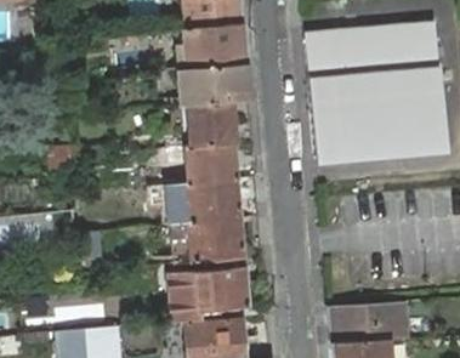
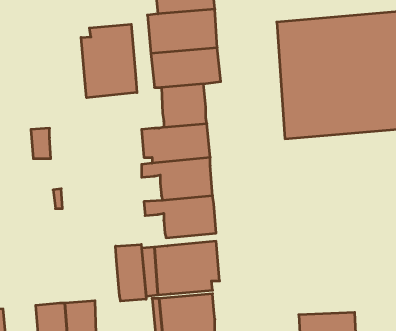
building: none -> [81,24,137,98]
building: none -> [116,244,146,301]
building: [328,300,408,340] -> none

